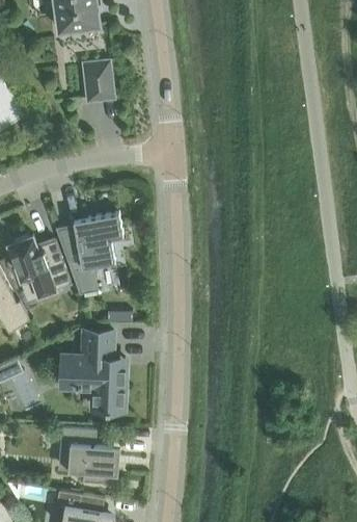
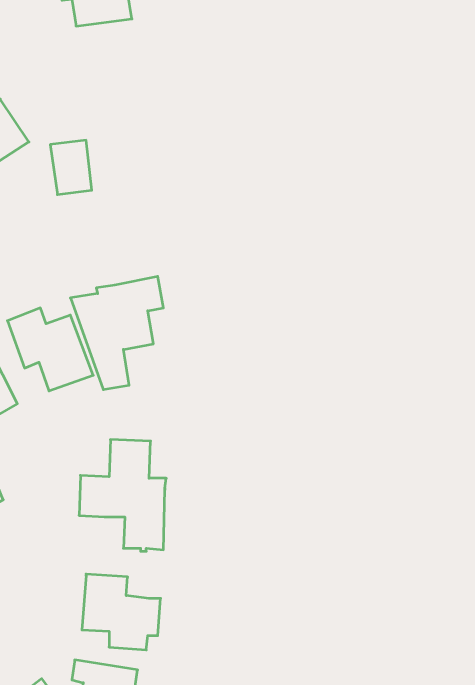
building: [82,62,112,102] -> [50,140,92,195]

